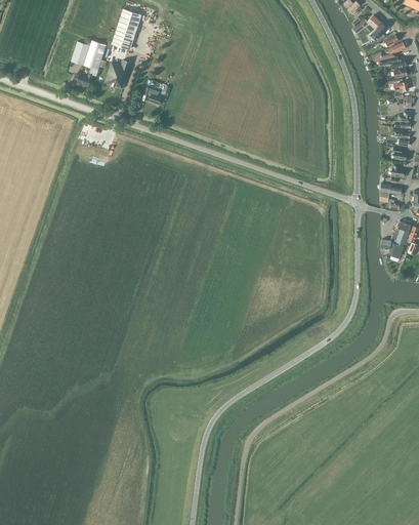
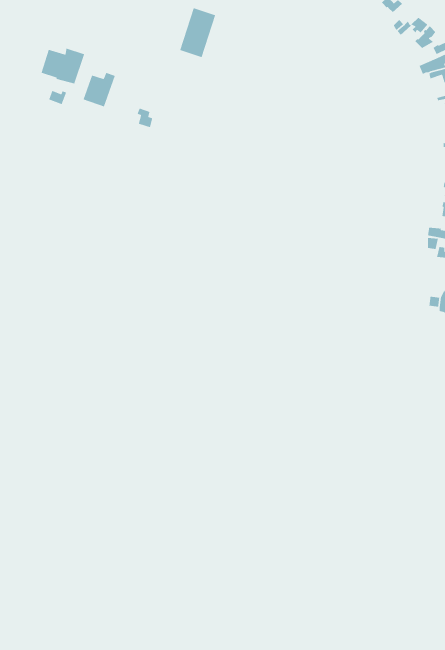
building: [113,9,142,50] -> [179,7,216,58]

